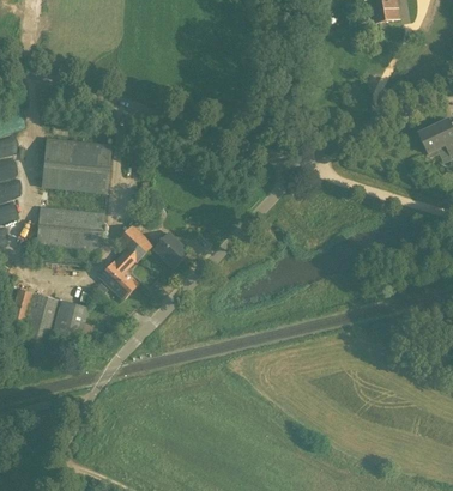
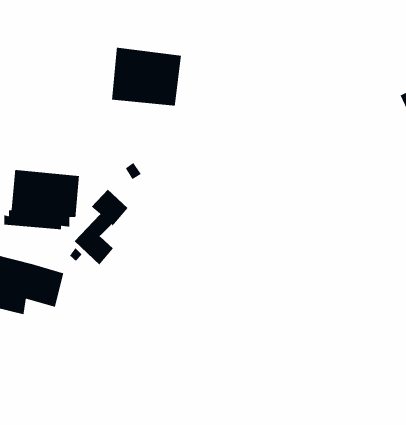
building: [42,135,111,194] -> [111,47,182,106]
building: [152,231,186,267] -> none

